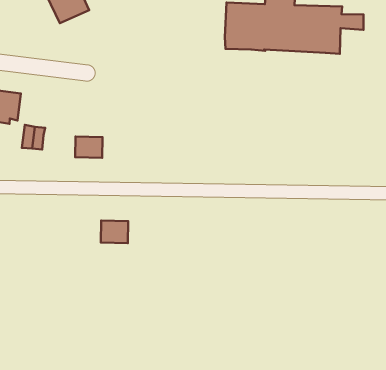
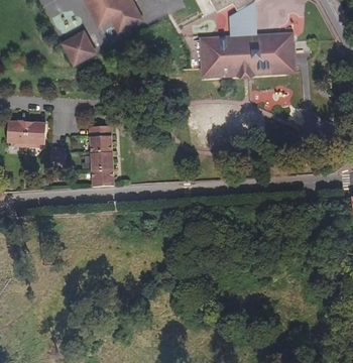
building: none -> [90,125,112,153]
building: [101,220,128,243] -> [92,168,114,187]

